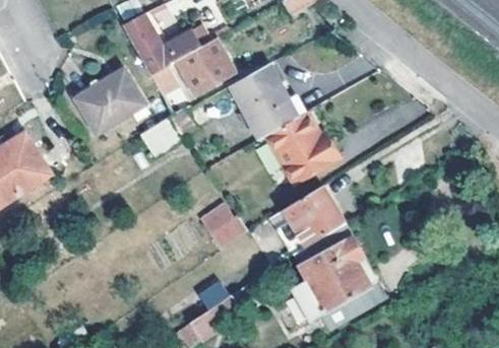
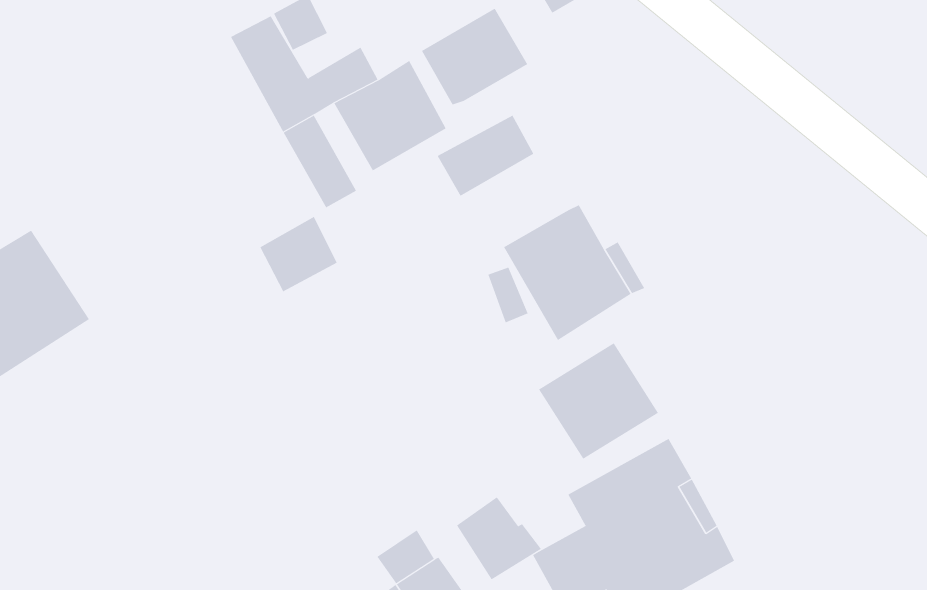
building: [77,70,141,131] -> none
building: [242,85,298,136] -> [421,8,528,105]
building: [201,204,246,248] -> [456,496,542,580]

